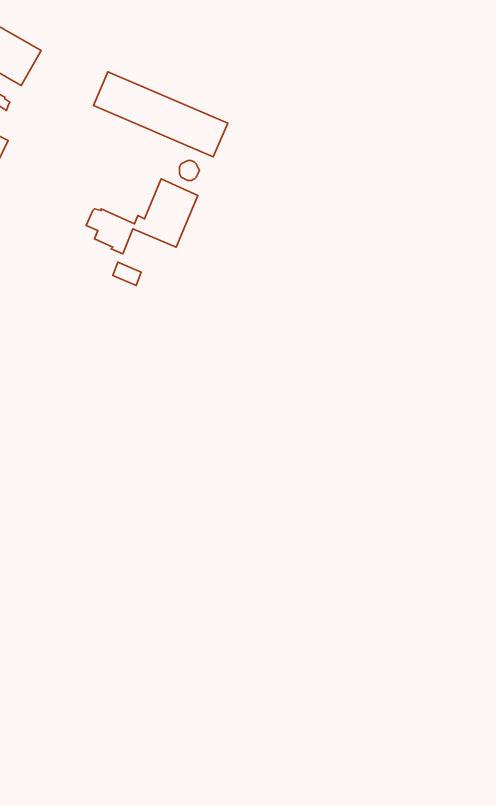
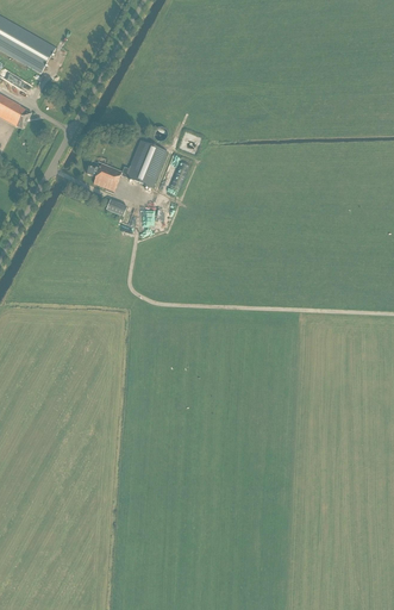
building: [93,72,228,157] -> none

